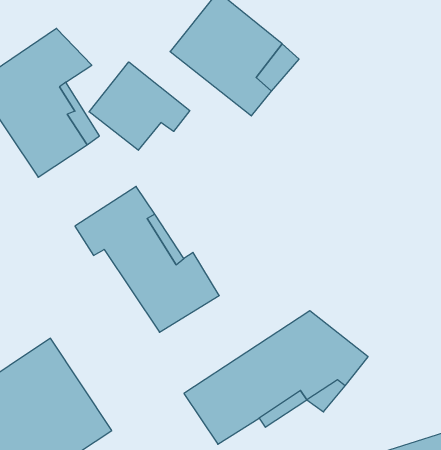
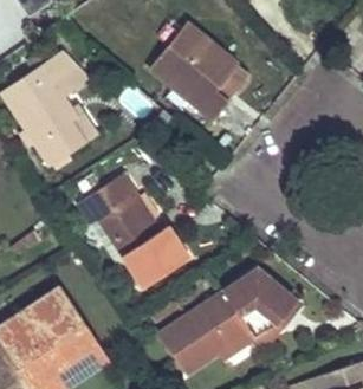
building: [89,62,190,150] -> none

